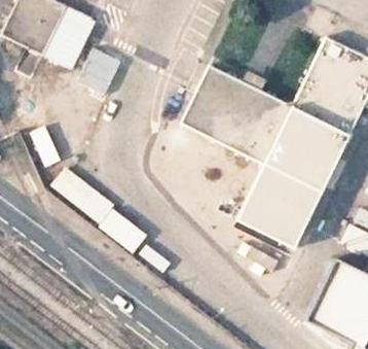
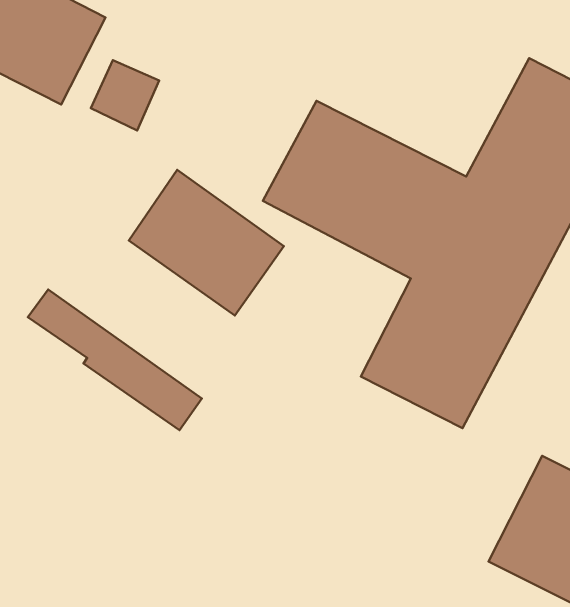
building: none -> [129,170,284,315]

